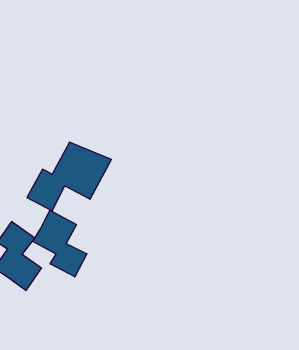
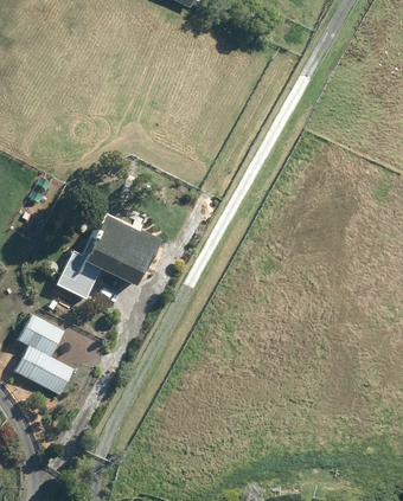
building: [33,210,87,277] -> none

